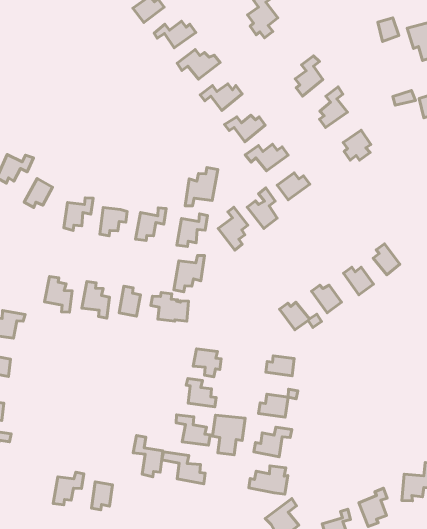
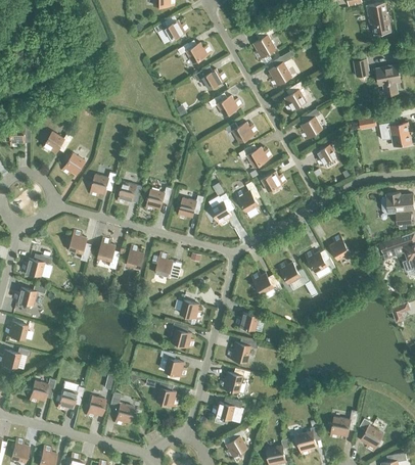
building: none -> [269,50,295,87]
building: [185,167,218,206] -> none
building: [174,256,204,292] -> none
building: [213,415,245,455] -> none
building: [133,436,163,477] -> [109,392,133,426]
building: none -> [30,378,55,403]

